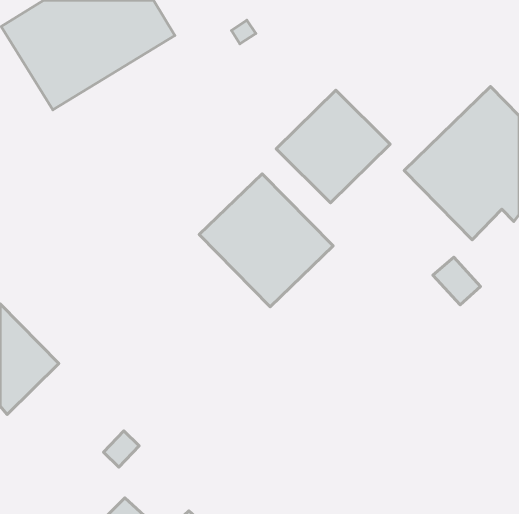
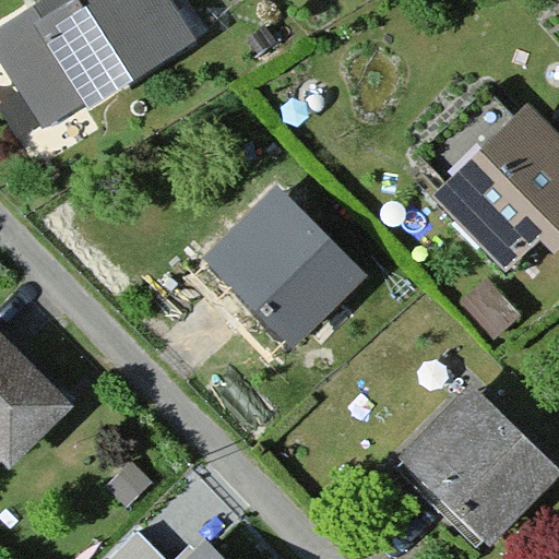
building: [276,90,390,203] -> none
building: none -> [400,402,542,544]

